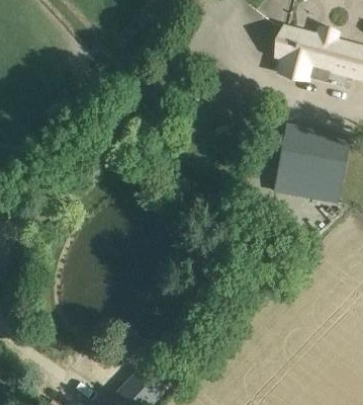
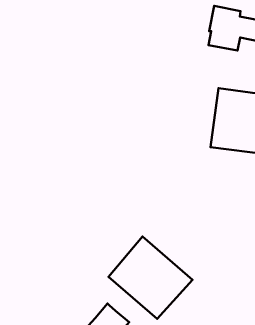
building: none -> [109,236,192,319]

